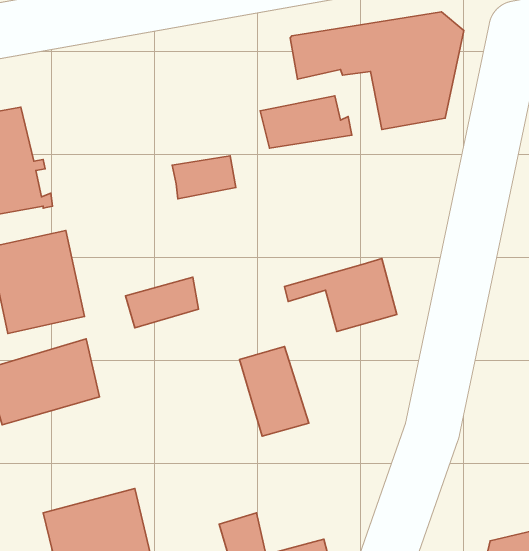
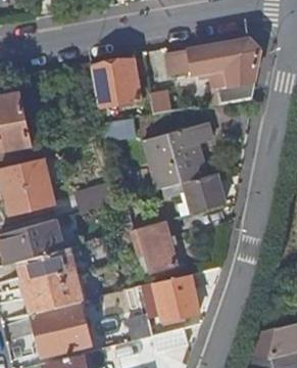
building: none -> [92,60,139,106]
building: none -> [143,125,211,190]
building: none -> [18,247,81,313]
building: none -> [152,273,199,319]

